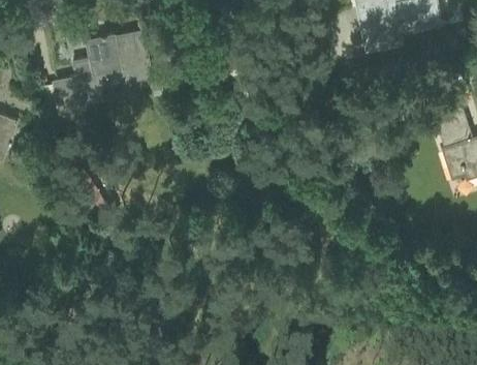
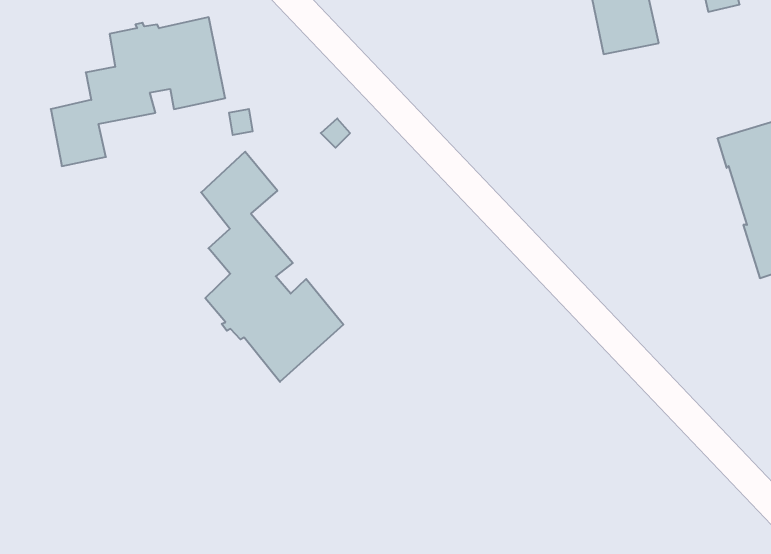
building: none -> [201,152,343,382]

